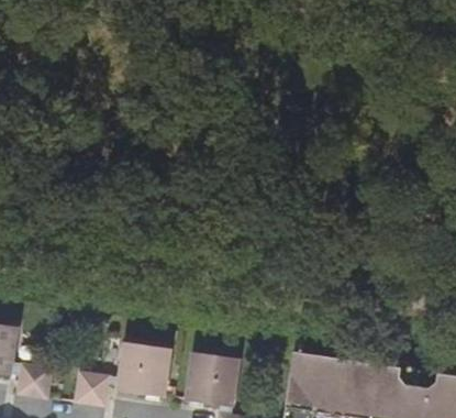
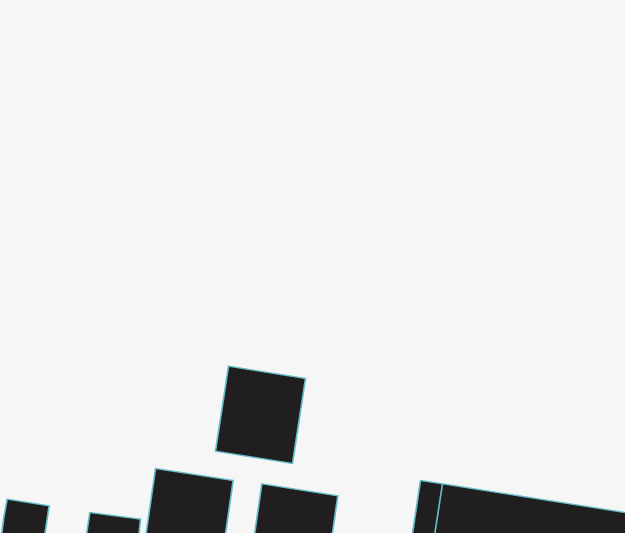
building: none -> [215,366,306,463]

